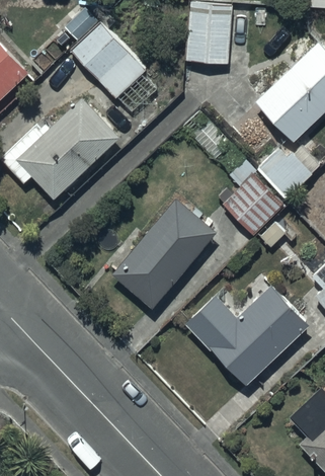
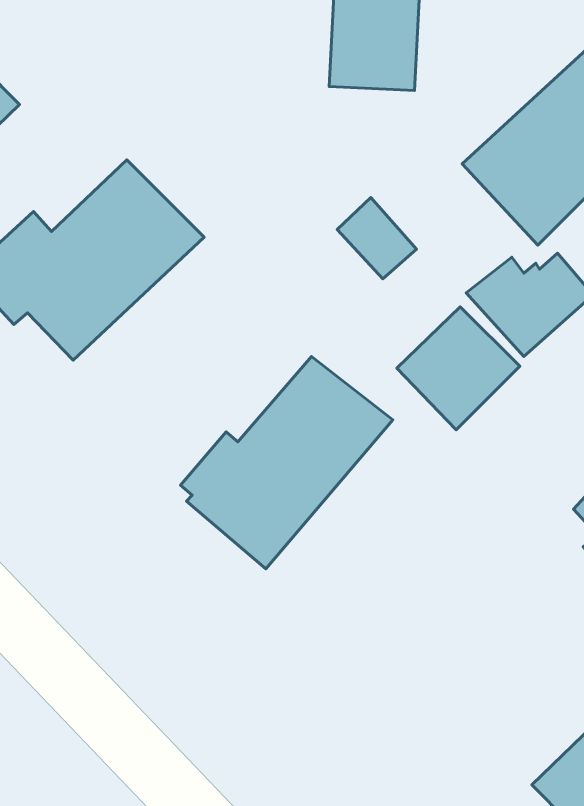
building: [71,23,146,98] -> none
building: [185,286,308,386] -> none

